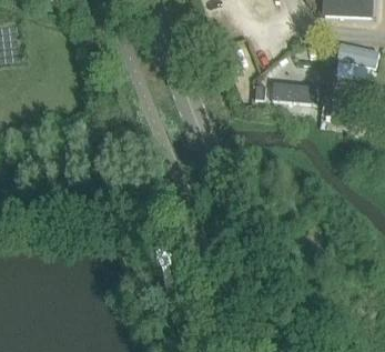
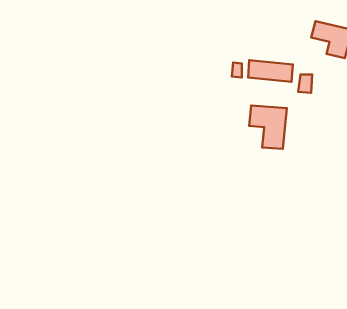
building: none -> [249,106,287,149]

